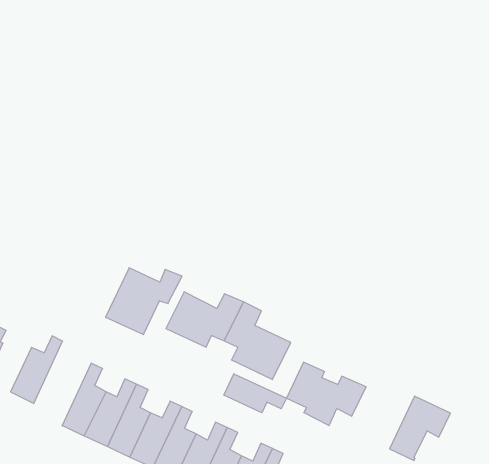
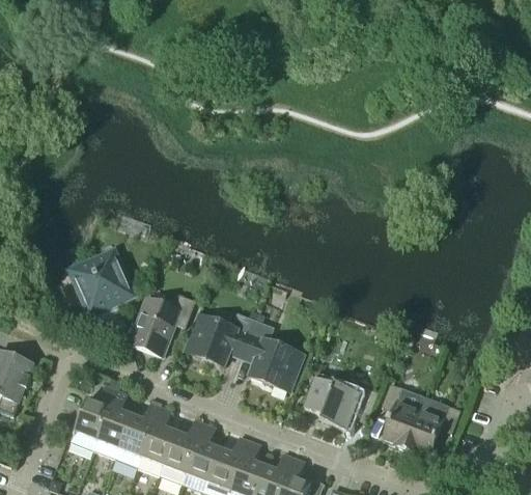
building: none -> [73,252,131,310]
building: [11,336,63,403] -> [71,384,116,449]
building: [224,374,286,413] -> none
building: none -> [382,382,425,447]

